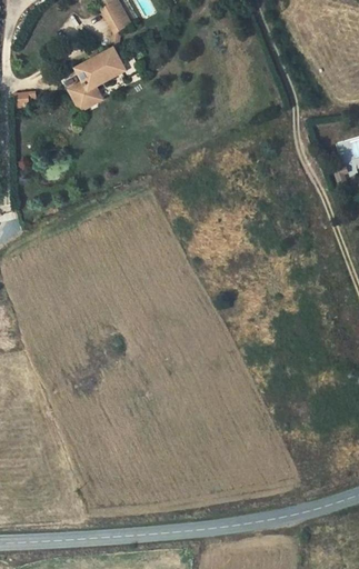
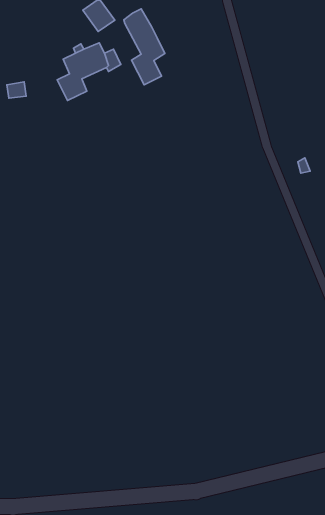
building: none -> [124,9,165,85]

